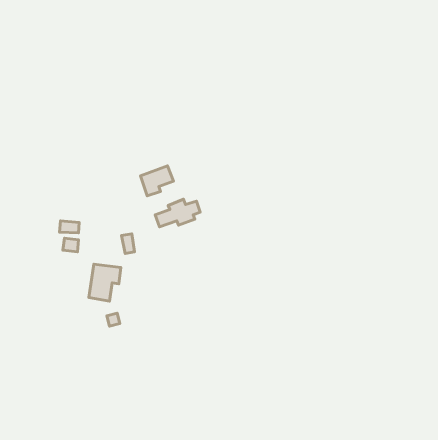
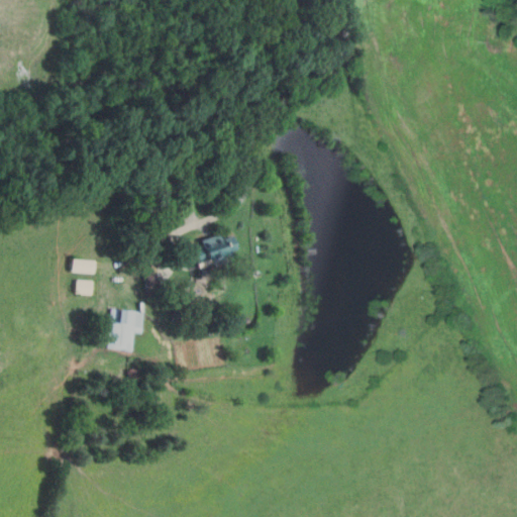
building: [141,166,173,196] -> none

